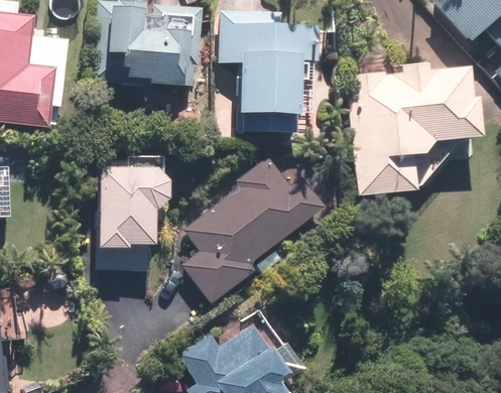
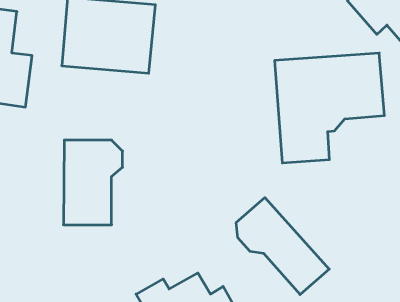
building: [221,9,321,133] -> none
building: [182,154,327,302] -> none
building: none -> [236,198,329,295]

